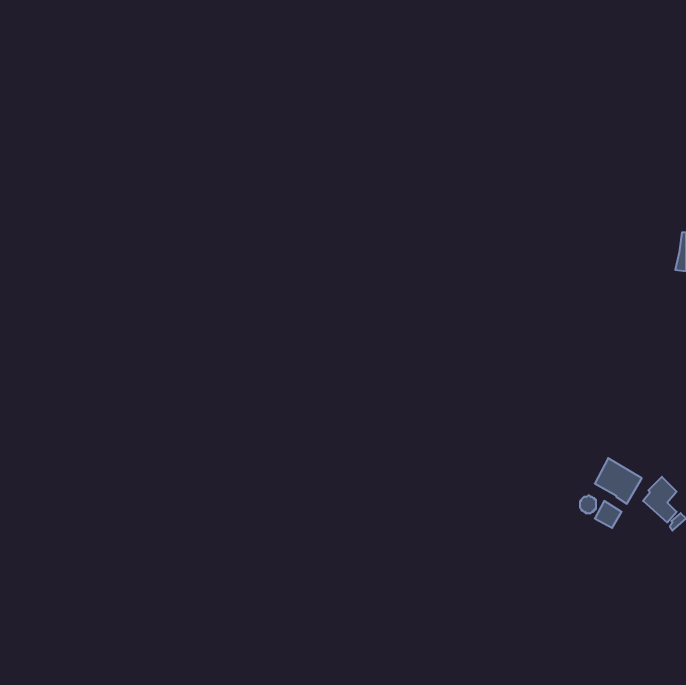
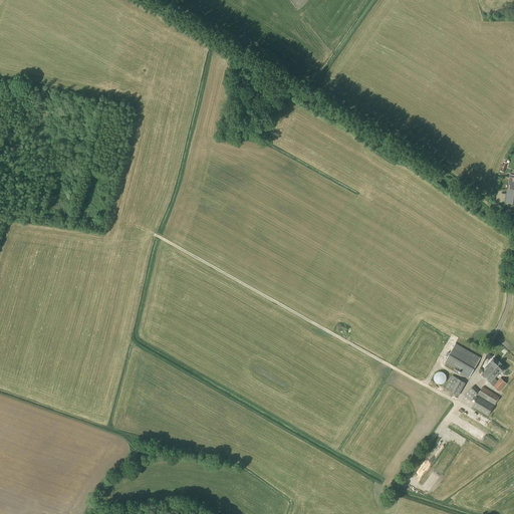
building: none -> [465,386,500,415]

